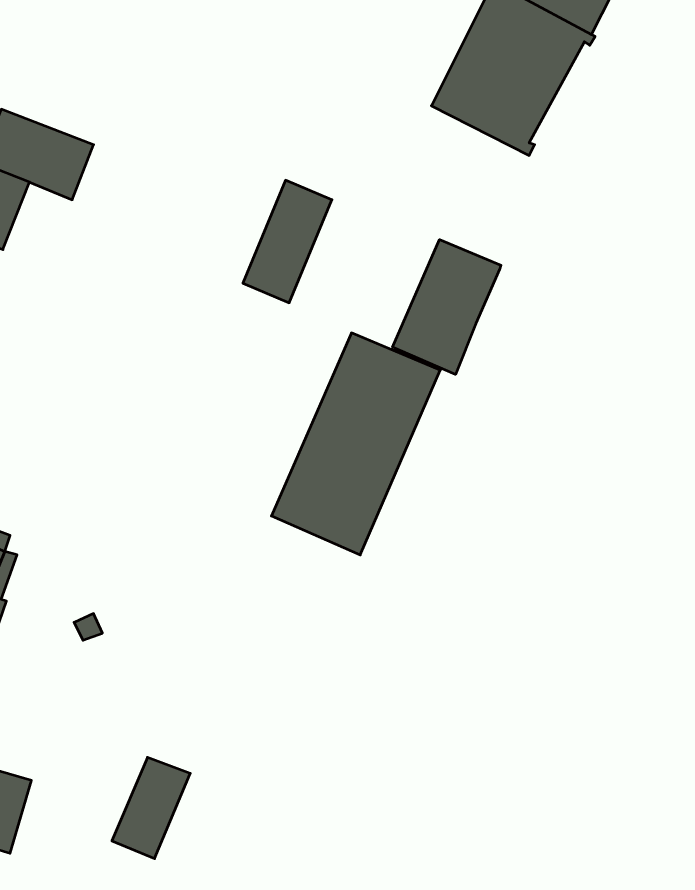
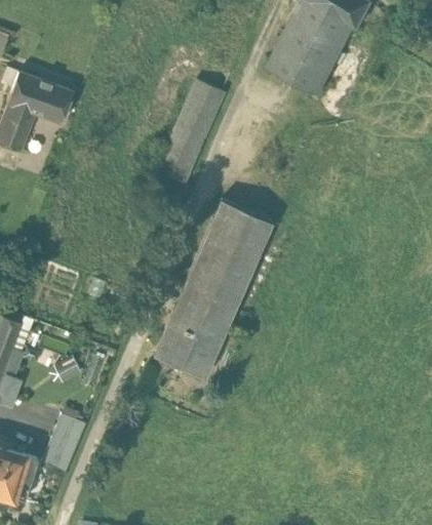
building: none -> [183,81,223,123]
building: [393,240,501,374] -> none
building: none -> [154,306,226,376]
building: [112,757,190,859] -> [42,413,87,472]

